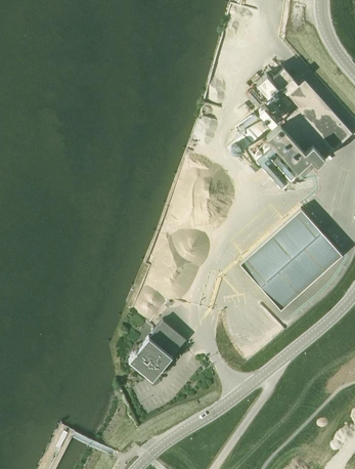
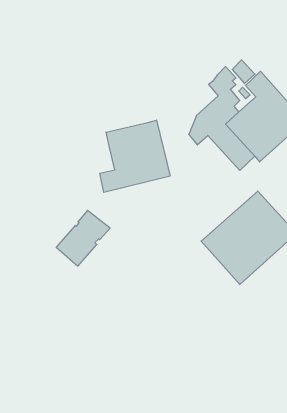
building: none -> [100,120,170,192]
building: [130,319,188,380] -> [56,210,110,266]

